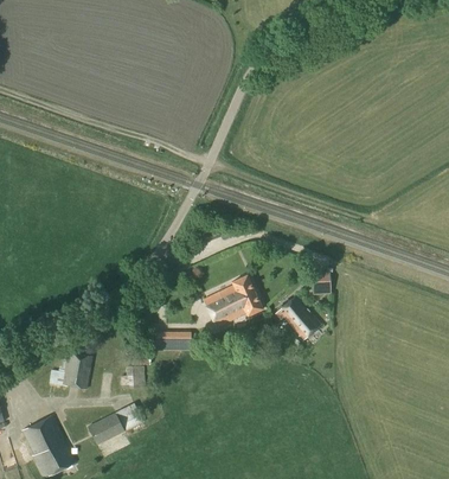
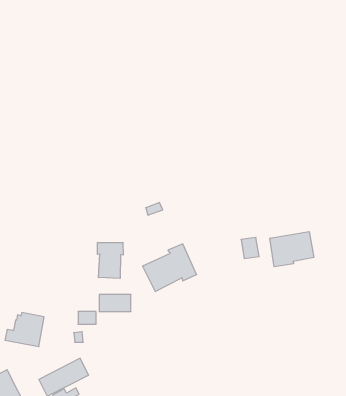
building: none -> [270,232,314,267]
building: none -> [97,242,123,278]
building: [278,295,321,339] -> none

